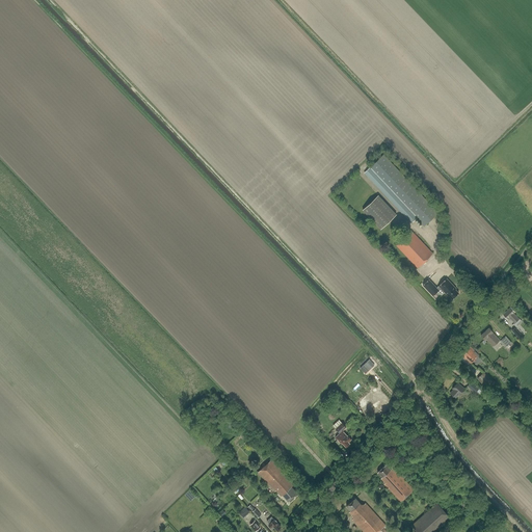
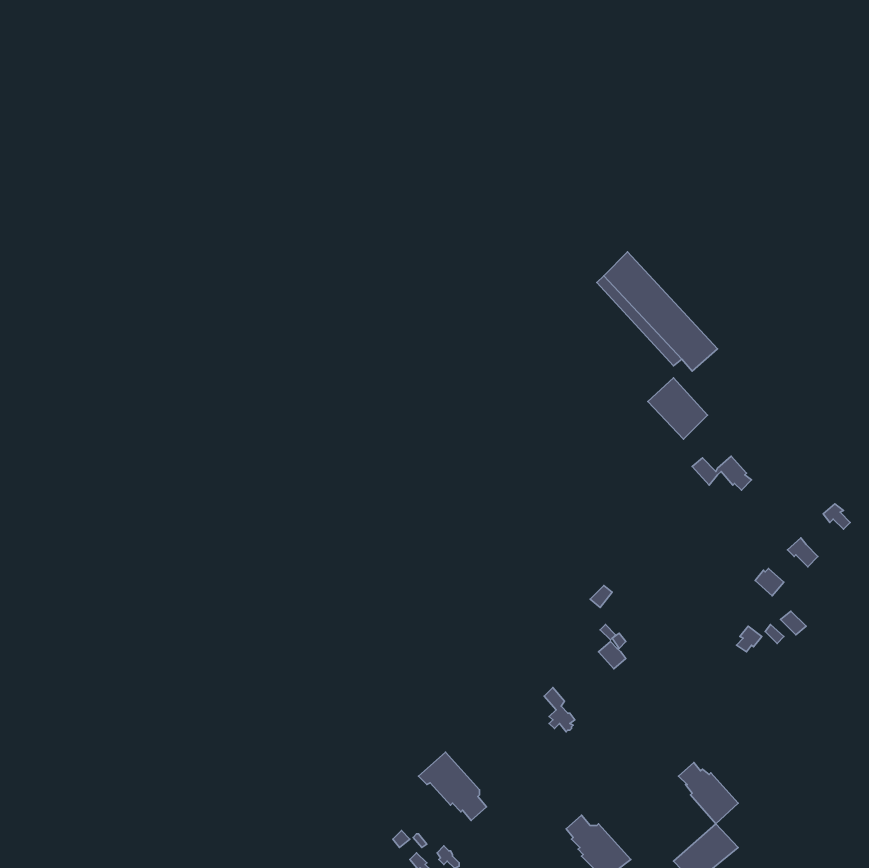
building: [362,196,396,231] -> none
building: [377,466,414,503] -> [679,762,738,824]

